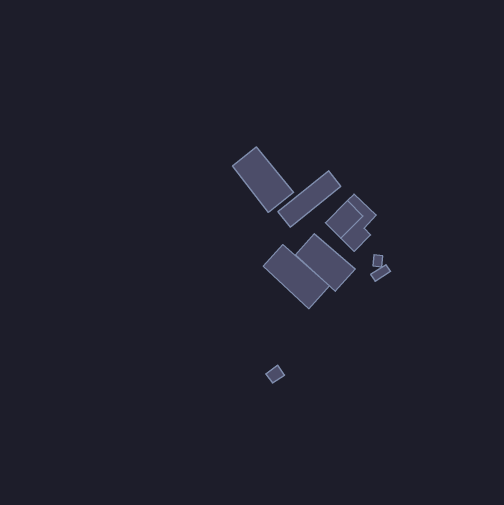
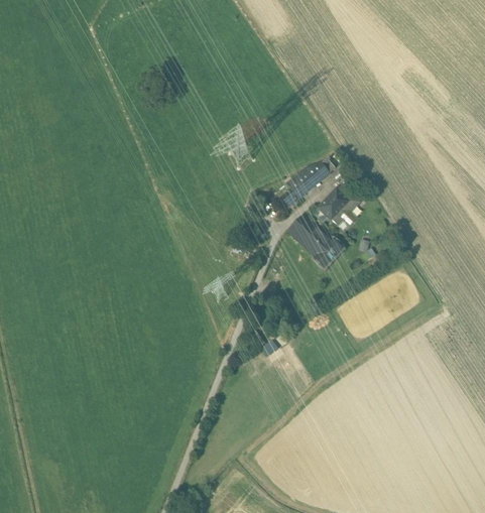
building: [233,147,294,212] -> none
building: [263,245,329,309] -> none

